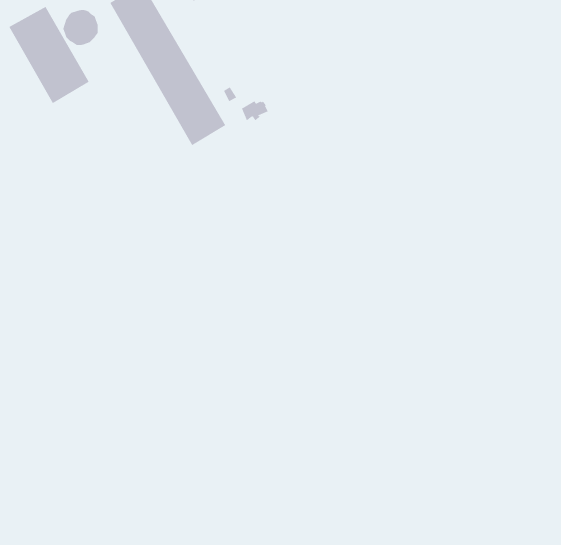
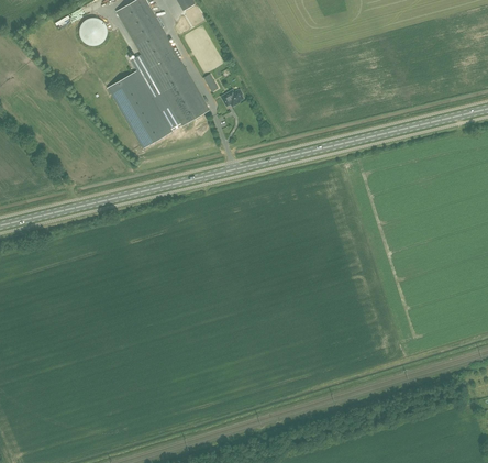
building: [9,6,90,104] -> [108,69,173,147]

